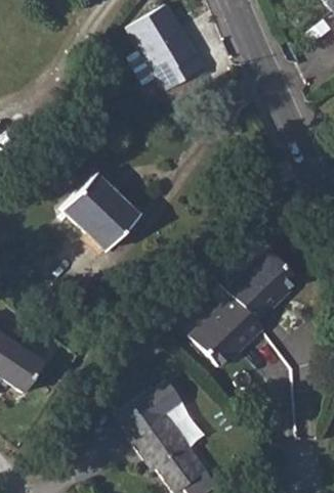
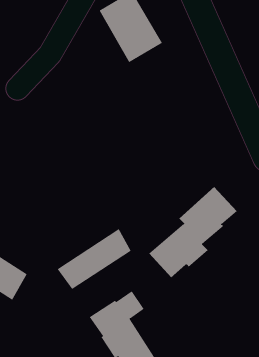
building: [62,175,137,249] -> none
building: none -> [57,228,132,290]

